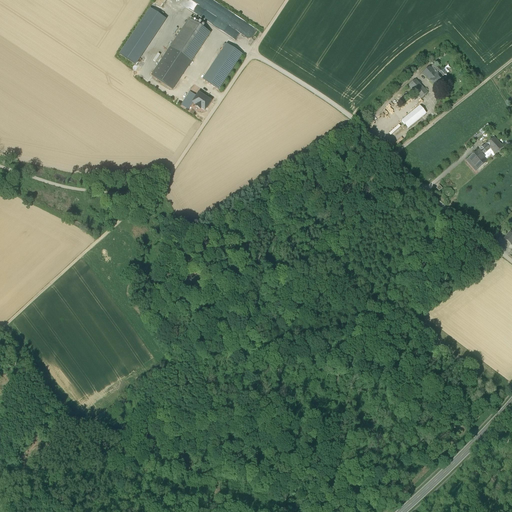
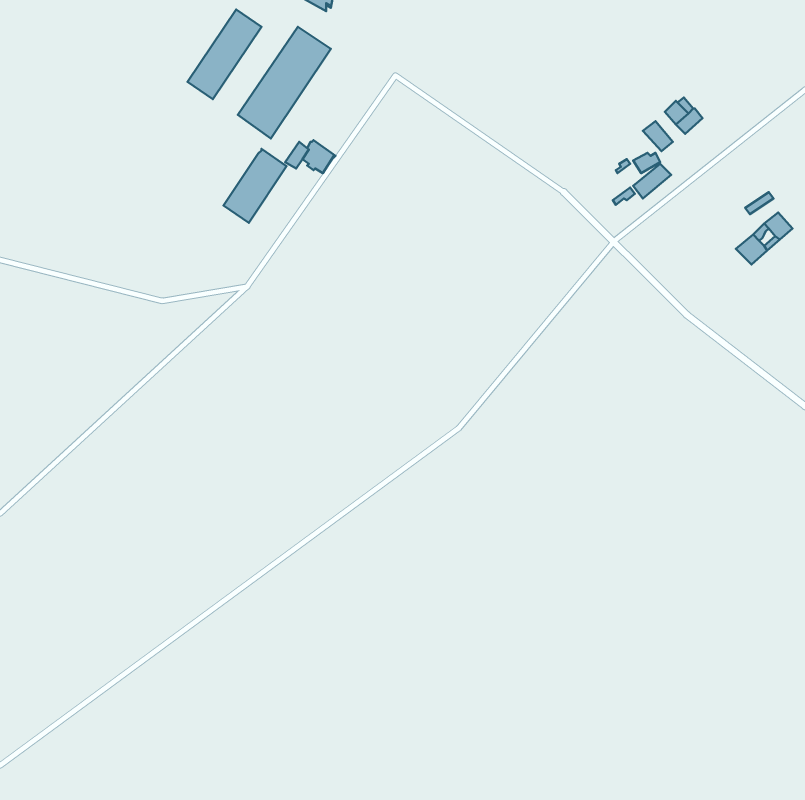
building: [202,41,242,88] -> [224,149,287,223]

